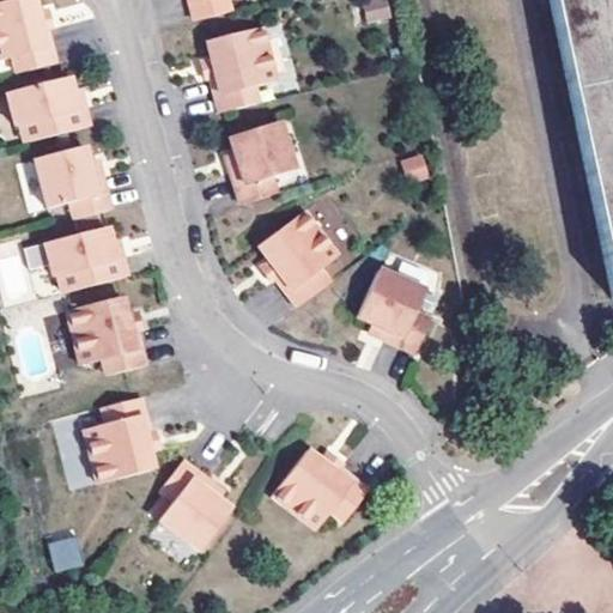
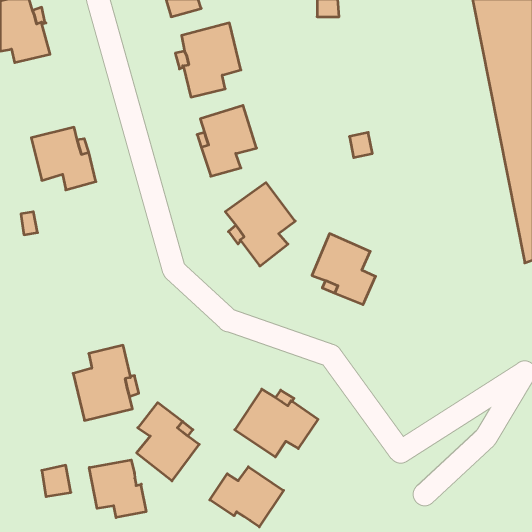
building: [8,75,91,141] -> none
building: [47,226,129,292] -> none
building: [69,296,148,374] -> none
building: none -> [89,460,146,518]
building: none -> [210,467,284,527]

